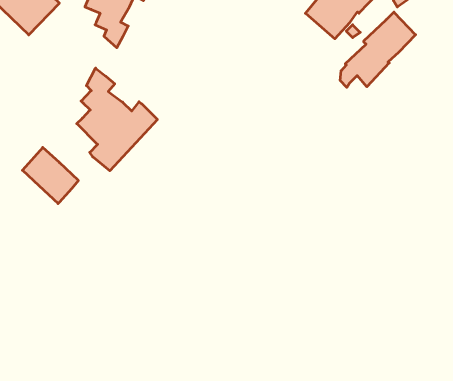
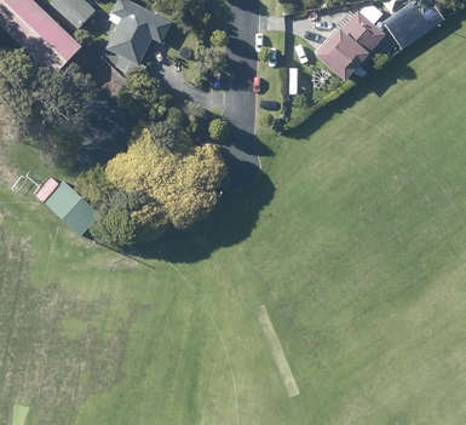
building: [340,12,416,87] -> none
building: [77,68,157,171] -> none

